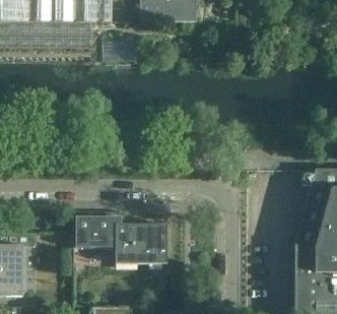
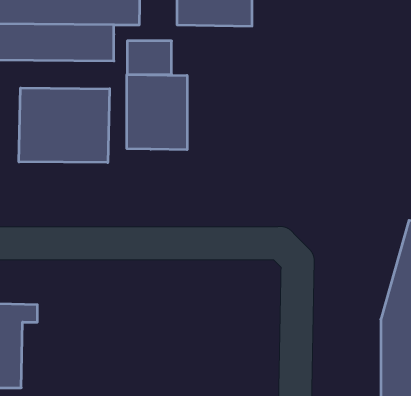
building: none -> [127,74,187,150]
building: none -> [19,88,110,163]
building: [74,211,167,263] -> none

